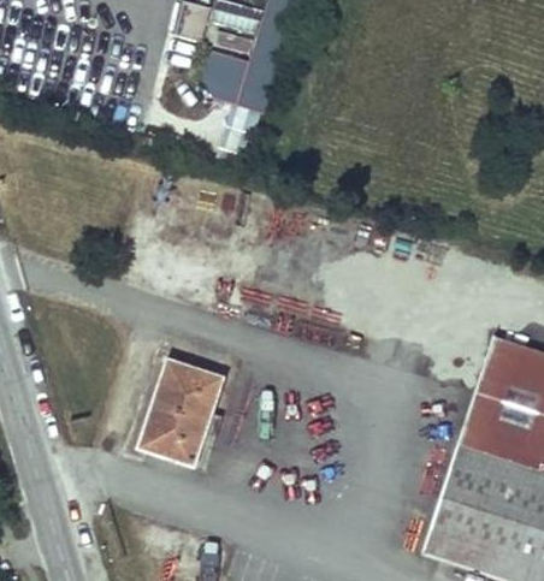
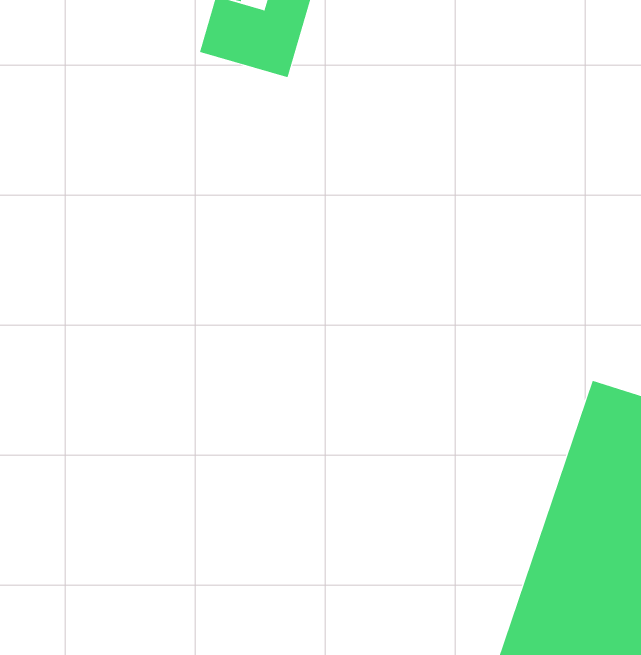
building: [141,360,223,463] -> none

